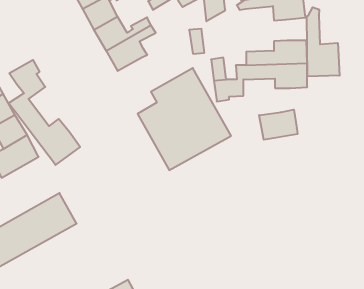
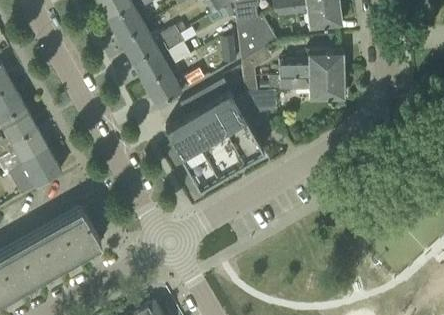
building: [307,7,340,77] -> none
building: none -> [237,21,266,60]
building: none -> [144,67,204,103]
building: [8,60,80,165] -> none
building: [259,110,298,140] -> none

